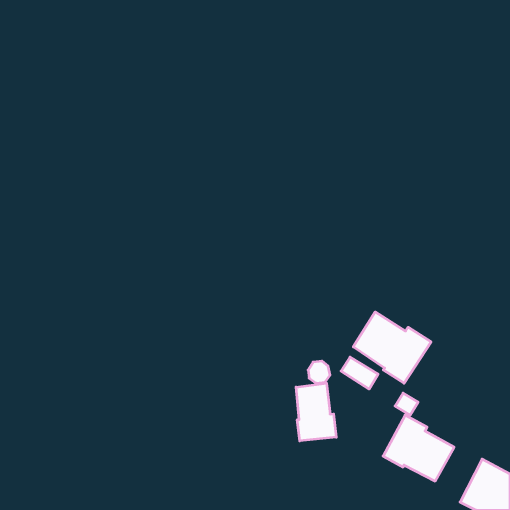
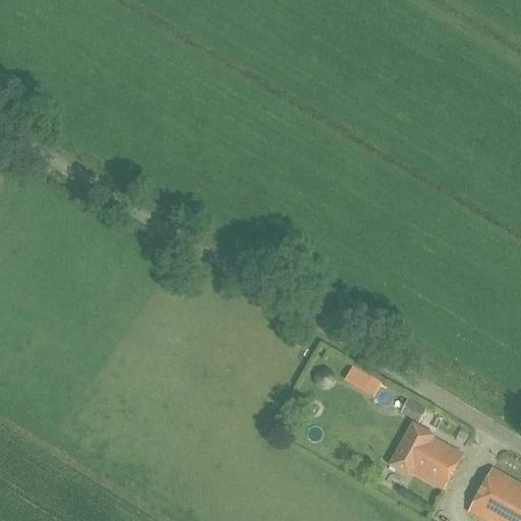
building: [353,312,431,383] -> none
building: [296,383,336,441] -> none

